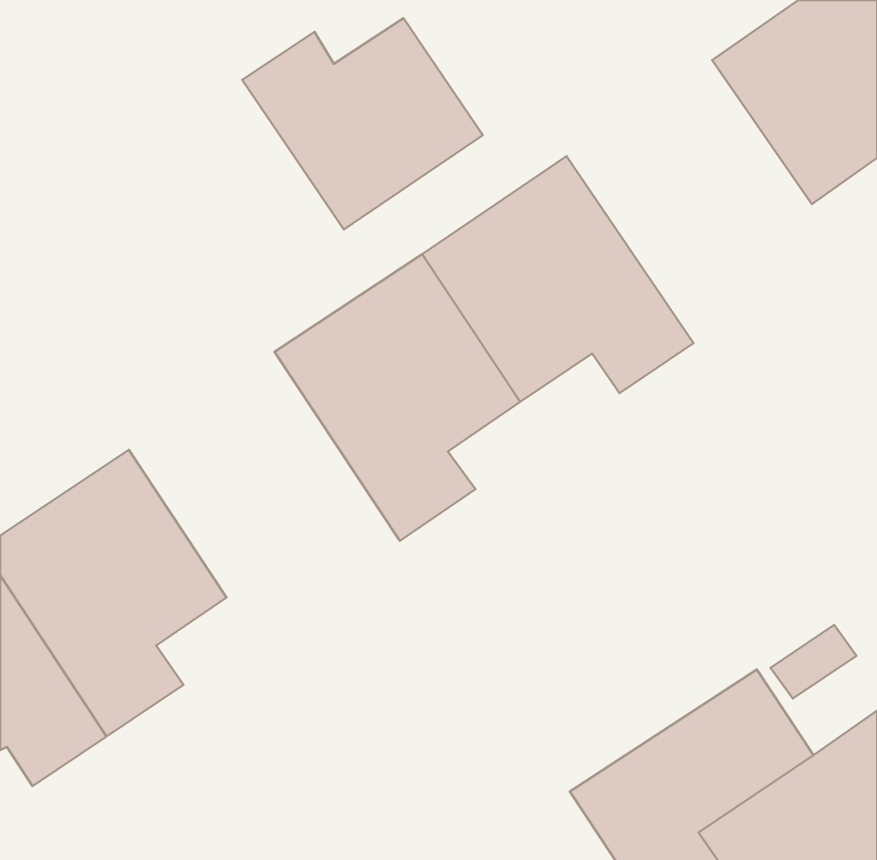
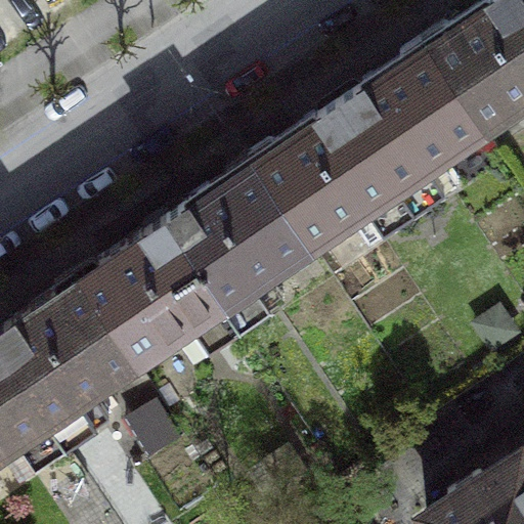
building: [242,18,483,230] -> none
building: none -> [338,46,484,215]
building: none -> [77,220,238,366]

